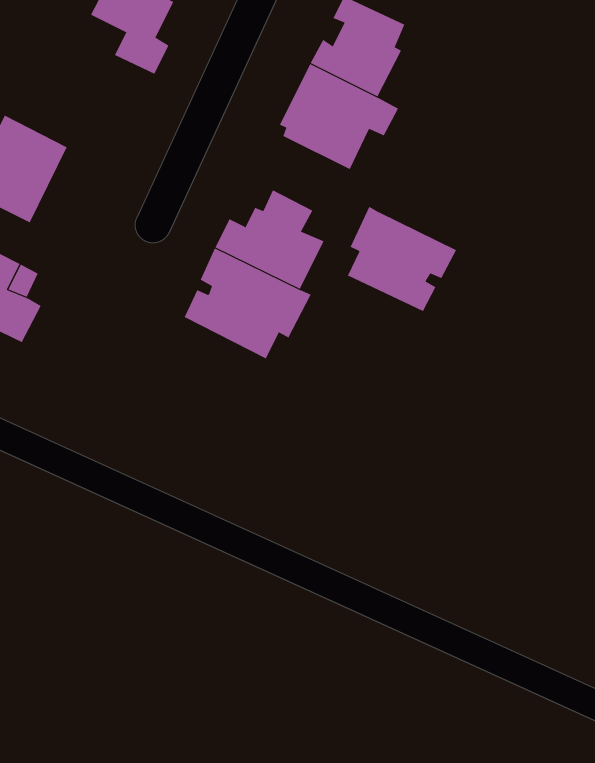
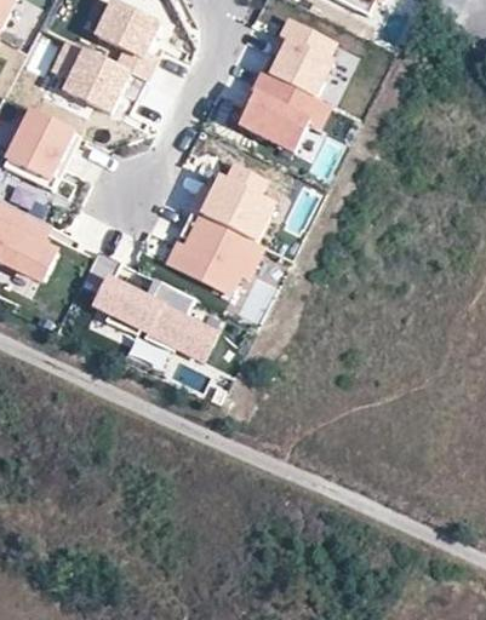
building: none -> [52,41,144,111]
building: [347,206,457,312] -> none
building: none -> [78,247,215,360]

